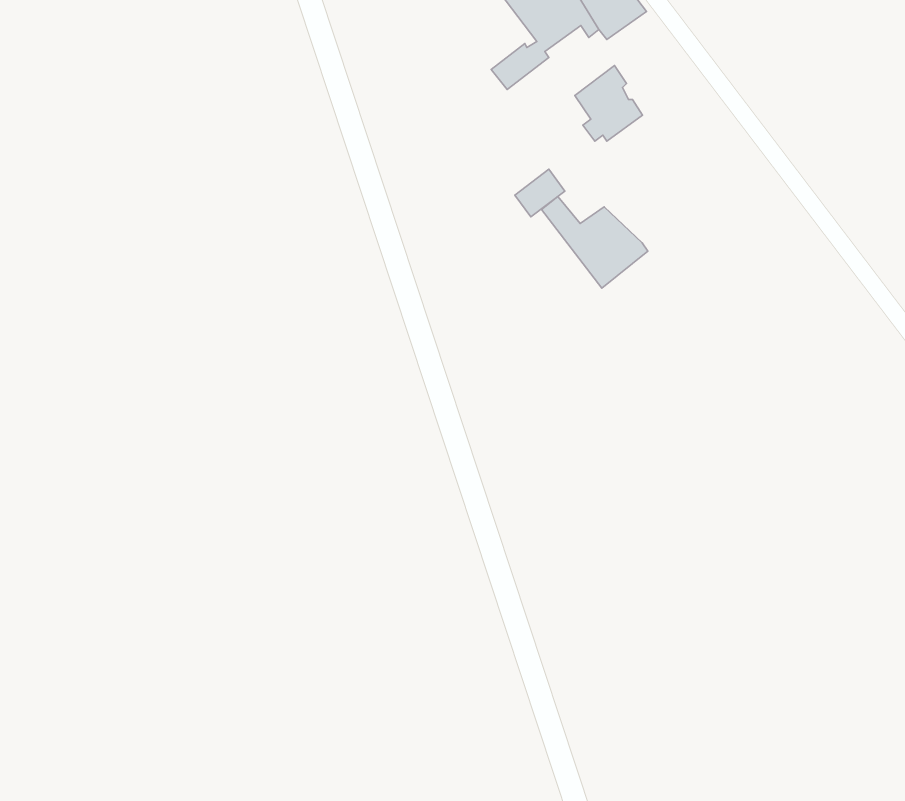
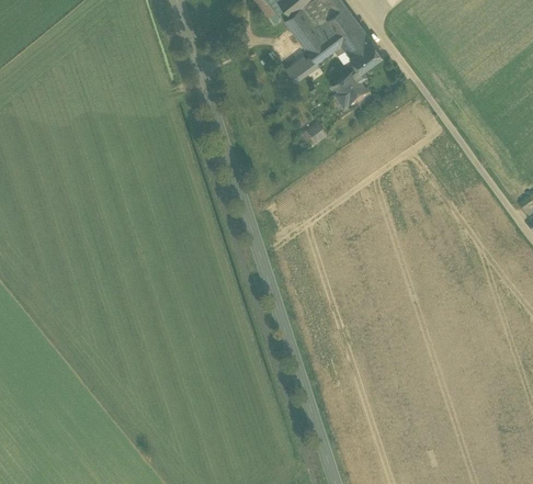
building: none -> [347,37,379,69]
building: [541,196,648,288] -> none

